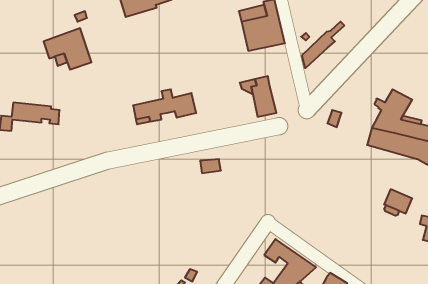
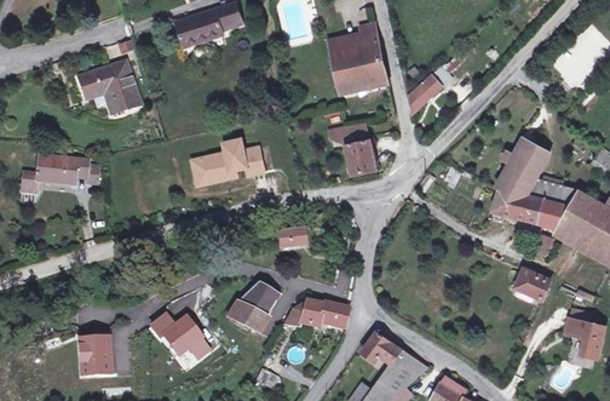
building: none -> [226,282,277,331]
building: none -> [284,300,349,327]
building: none -> [148,311,212,361]
building: none -> [74,333,113,377]

